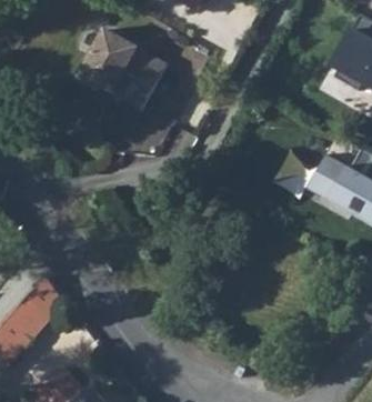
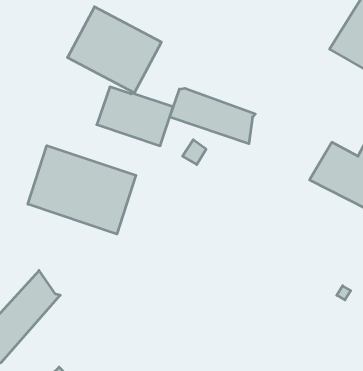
building: none -> [170,88,255,144]
building: none -> [28,146,136,234]

